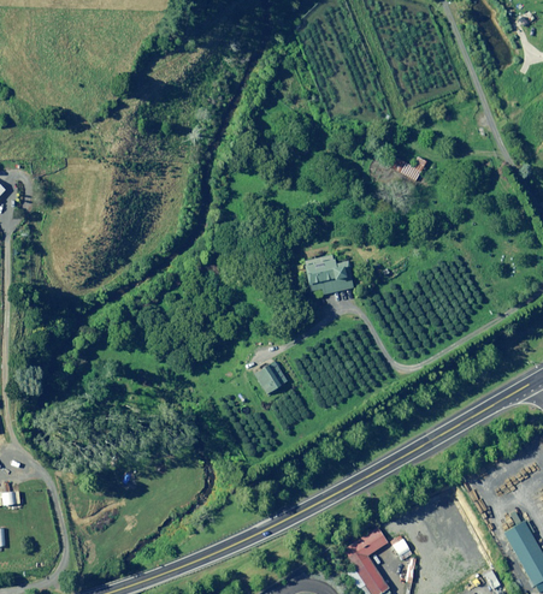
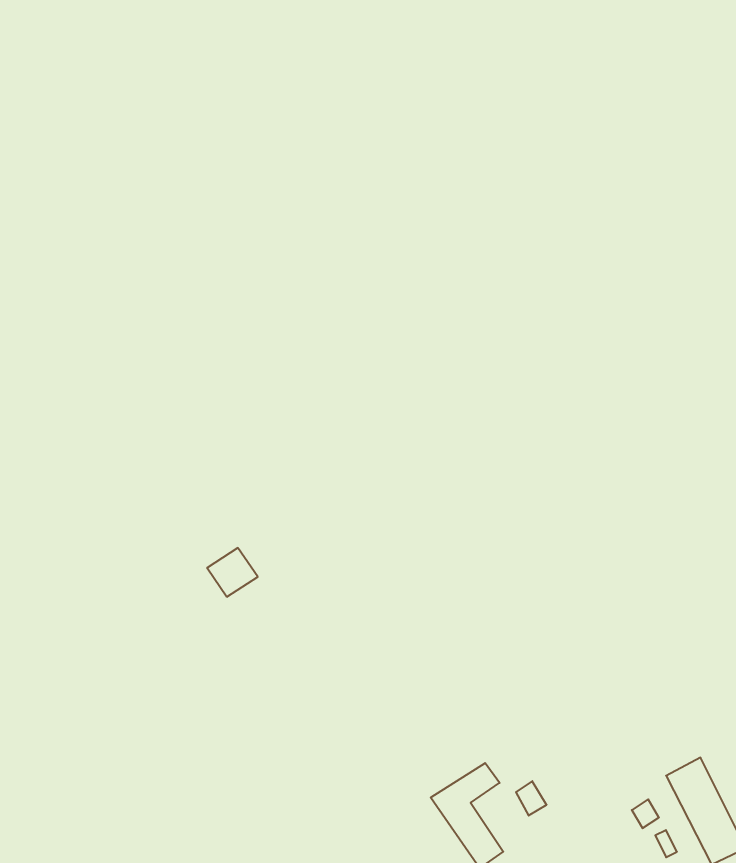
building: [306,255,356,296] -> none
building: [256,361,290,393] -> [207,548,258,597]

